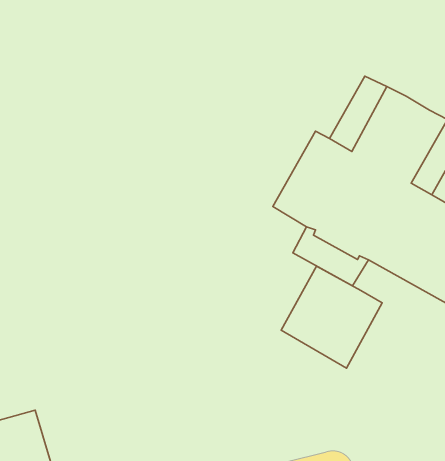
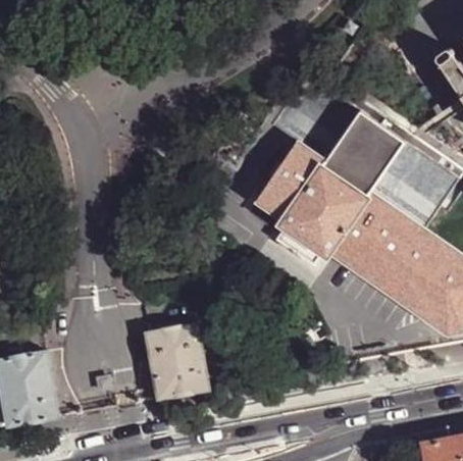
building: [281,266,382,368] -> none
building: none -> [148,324,210,400]

